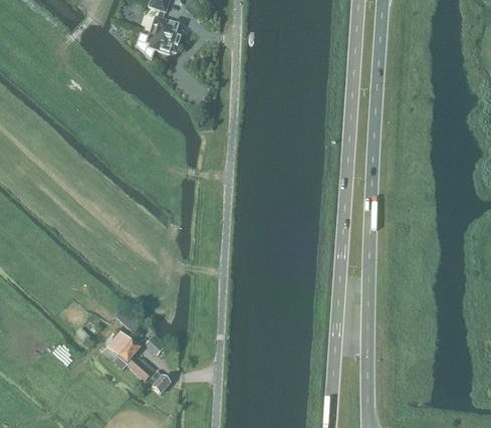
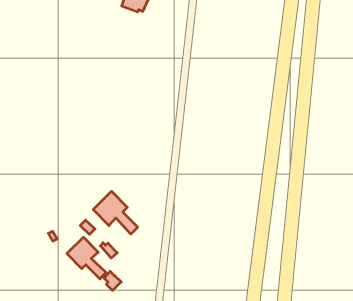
building: none -> [93,191,138,234]

